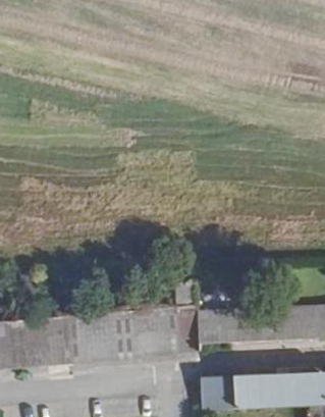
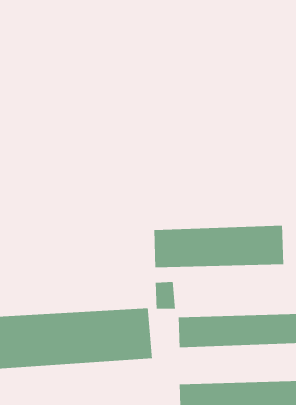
building: none -> [153,225,284,268]

